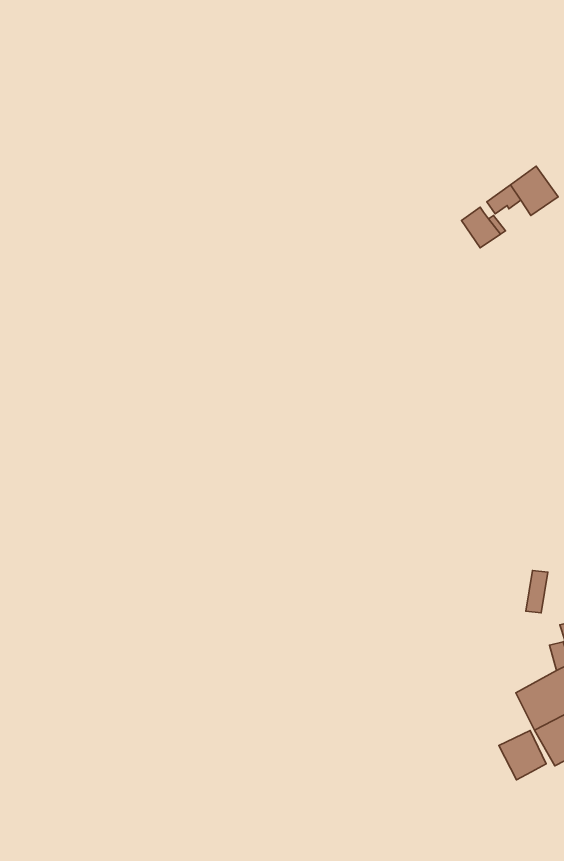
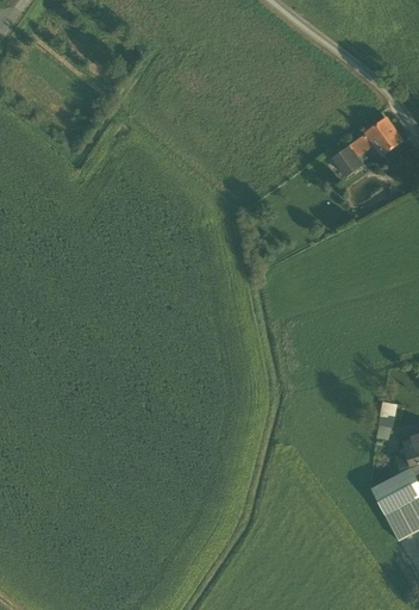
building: [499,731,546,780] -> none

